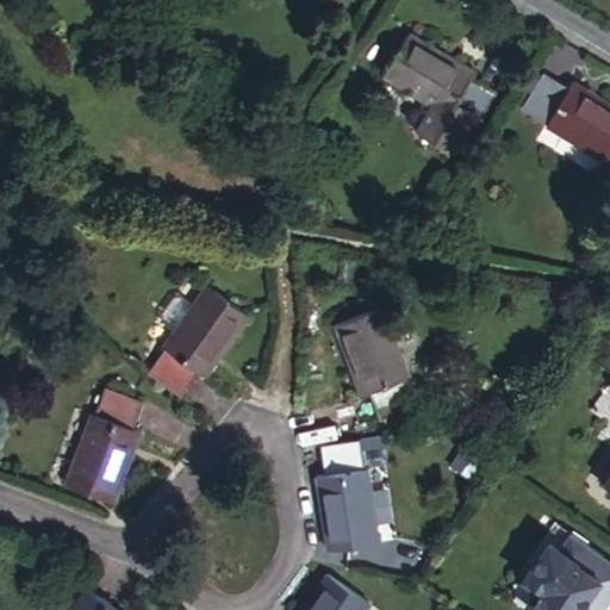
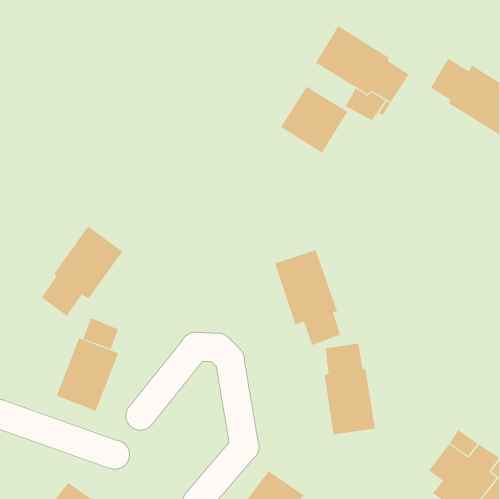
building: none -> [281,86,348,153]
building: [150,287,250,398] -> [41,225,123,317]
building: [313,440,376,550] -> [324,343,376,435]

